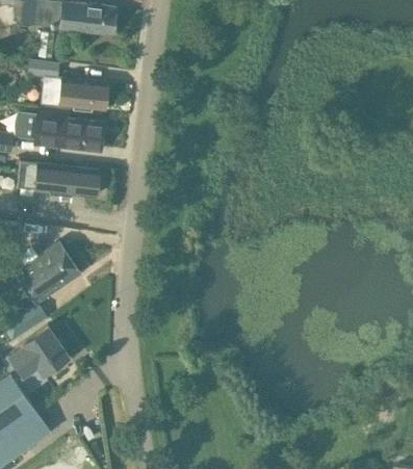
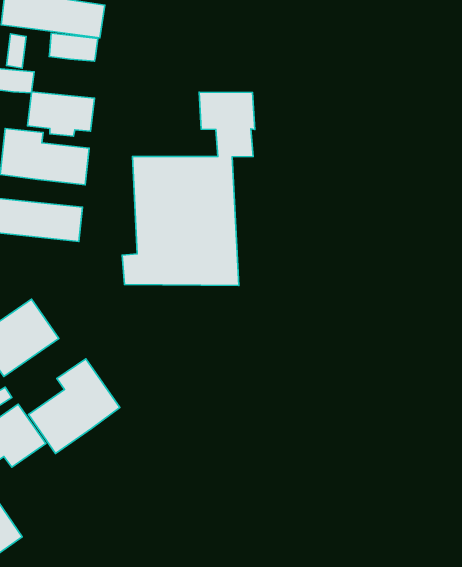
building: none -> [49,33,98,61]
building: none -> [122,92,255,285]
building: none -> [29,359,120,453]

